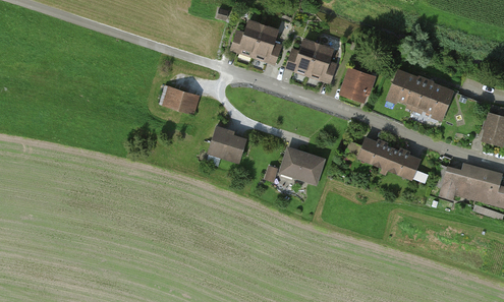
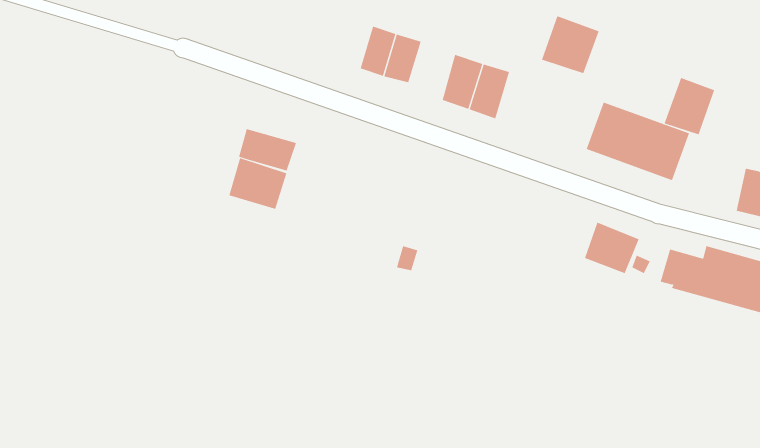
building: none -> [664,77,715,135]
building: [338,66,376,104] -> [541,15,600,74]
building: [208,128,245,162] -> [229,157,287,210]
building: [357,136,393,171] -> none
building: [278,147,325,185] -> none

